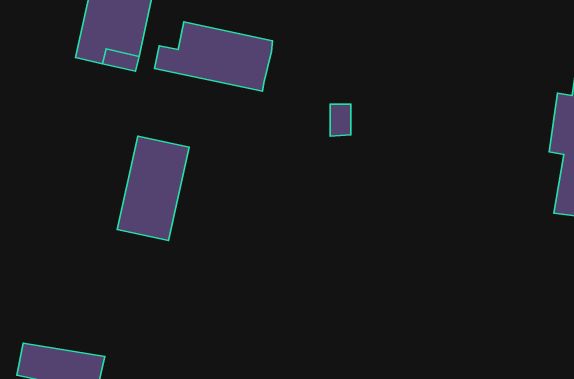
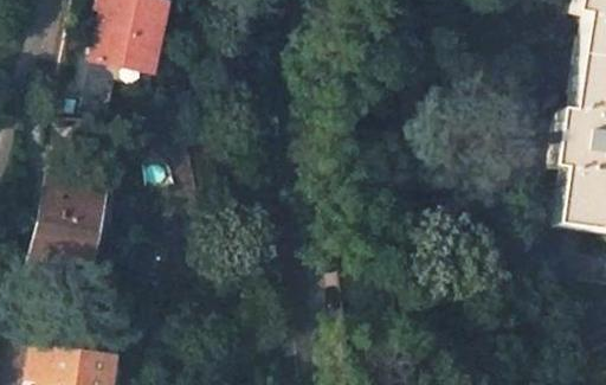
building: [155,22,272,91] -> none
building: [117,136,189,240] -> [32,184,102,284]

